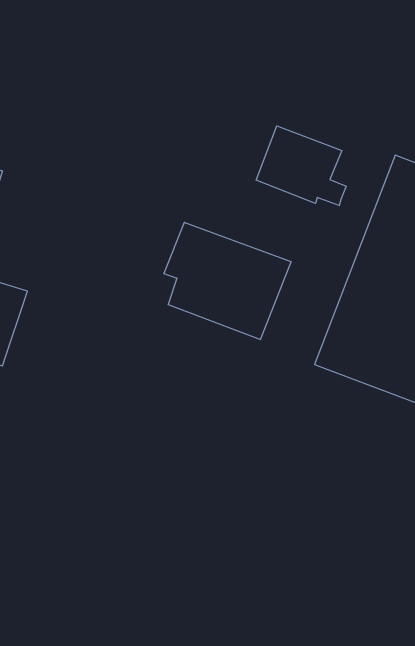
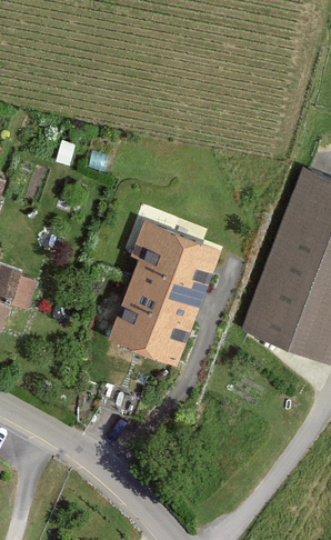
building: [256,126,346,206] -> none
building: none -> [107,280,199,364]

